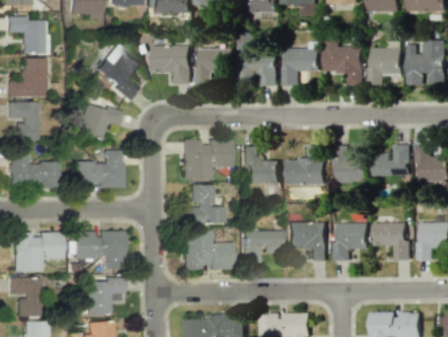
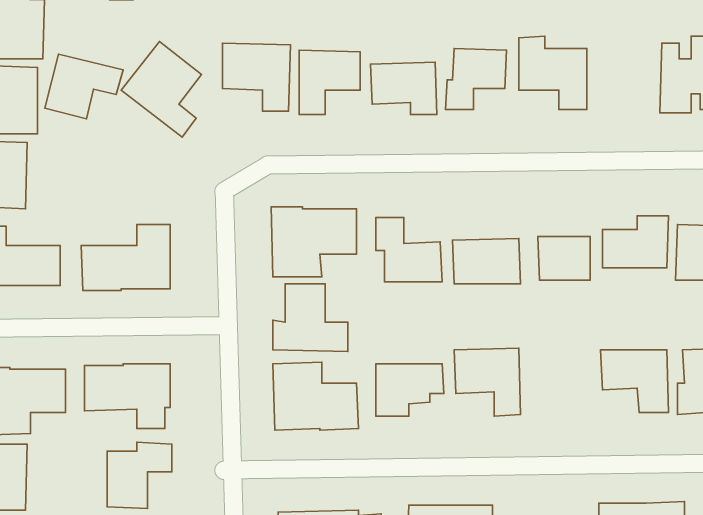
building: [368,41,403,85] -> none
building: [76,104,122,141] -> [45,54,123,119]
building: [333,223,369,261] -> none

